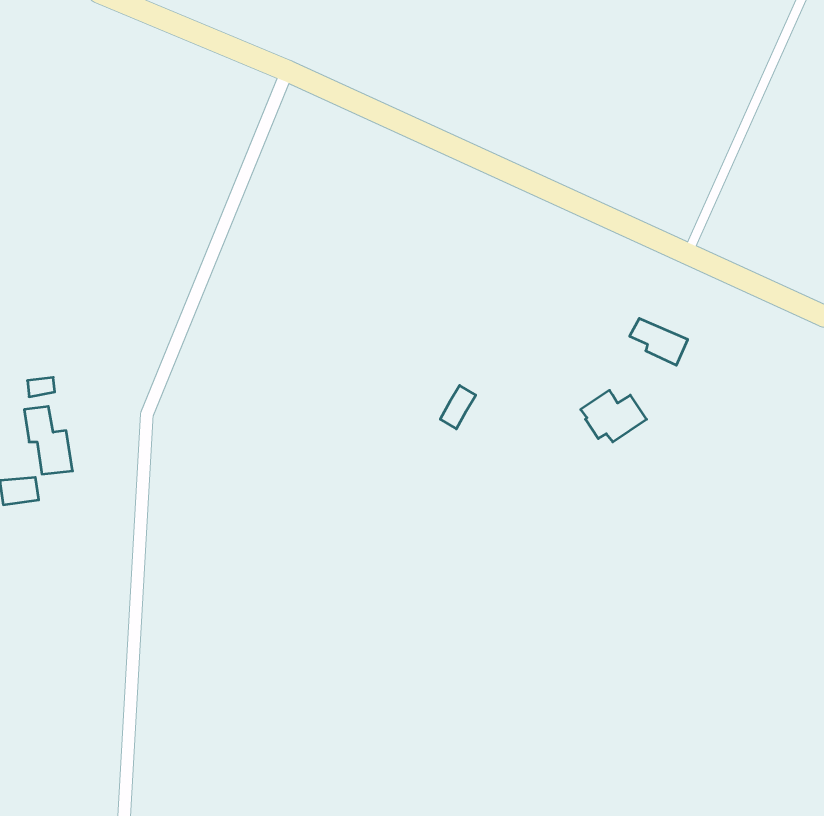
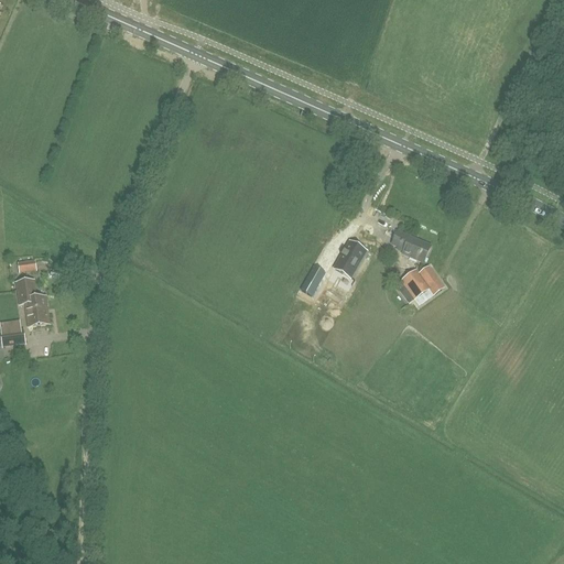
building: [630,318,688,365] -> [391,228,431,260]
building: none -> [334,238,366,274]

